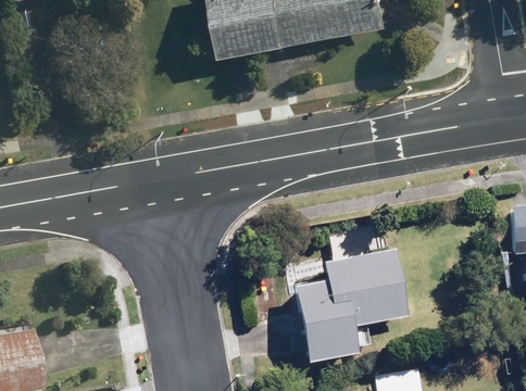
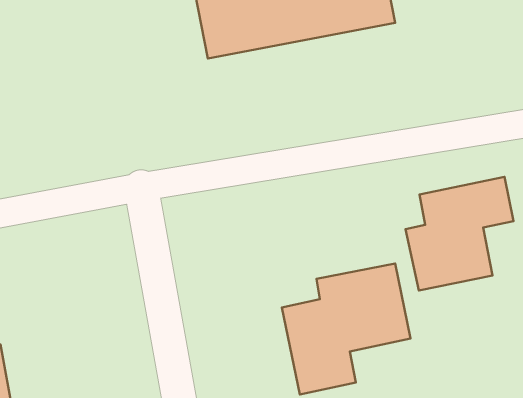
building: none -> [406,177,513,291]

